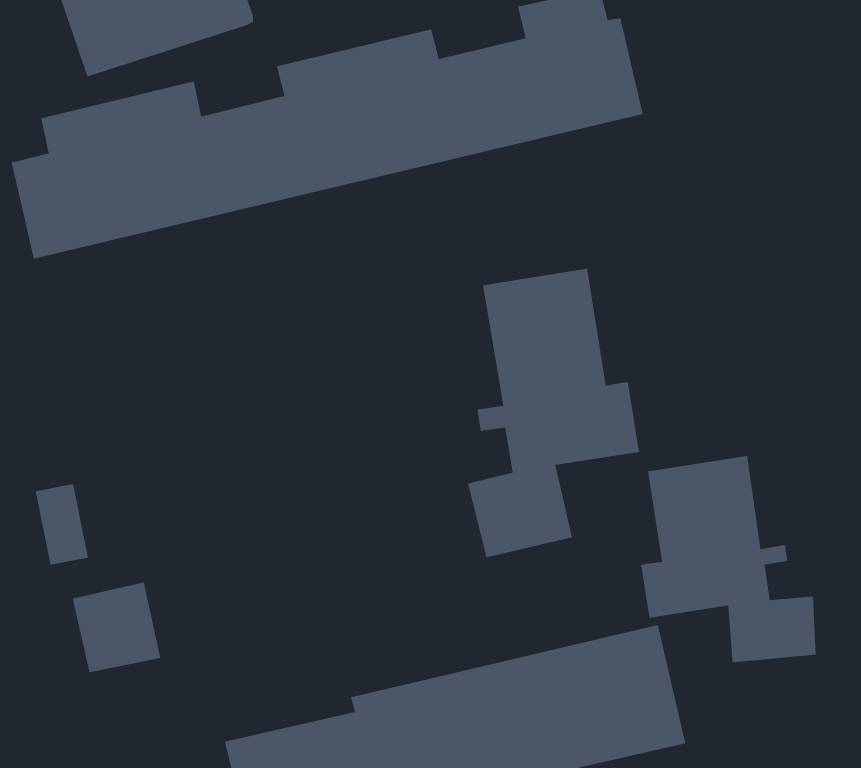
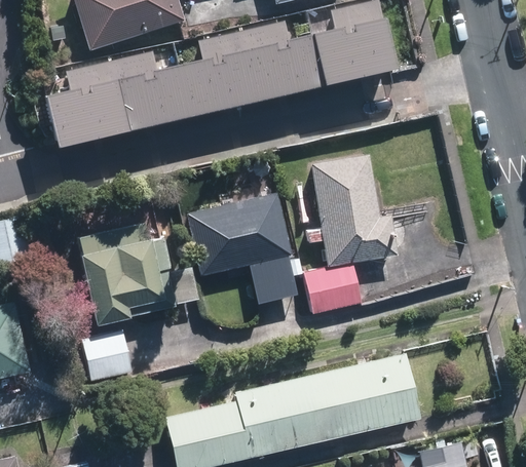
building: none -> [187,192,298,304]
building: none -> [81,222,174,325]
building: [641,455,816,663] -> none

